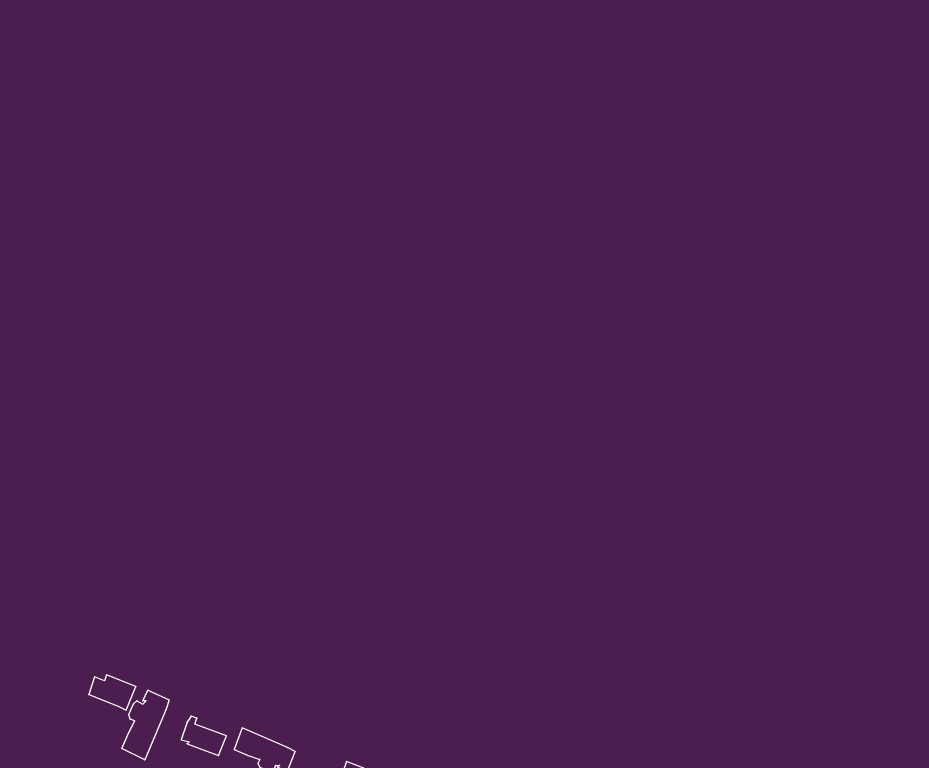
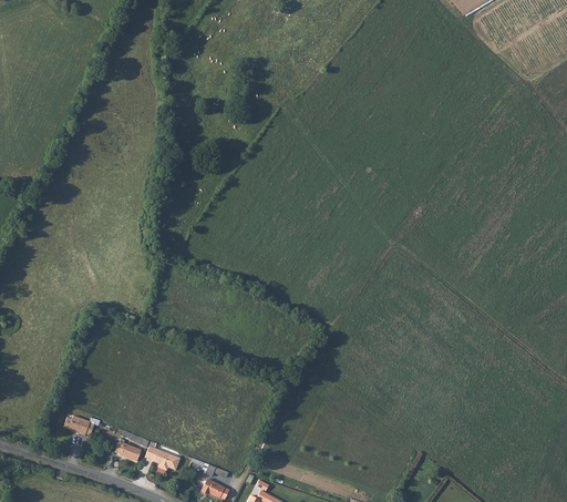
building: [122,690,169,760] -> none

